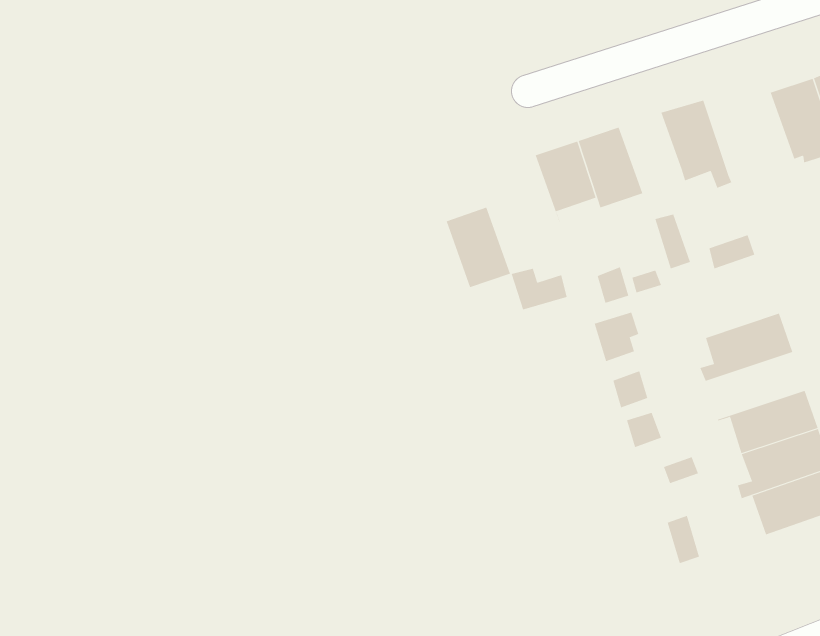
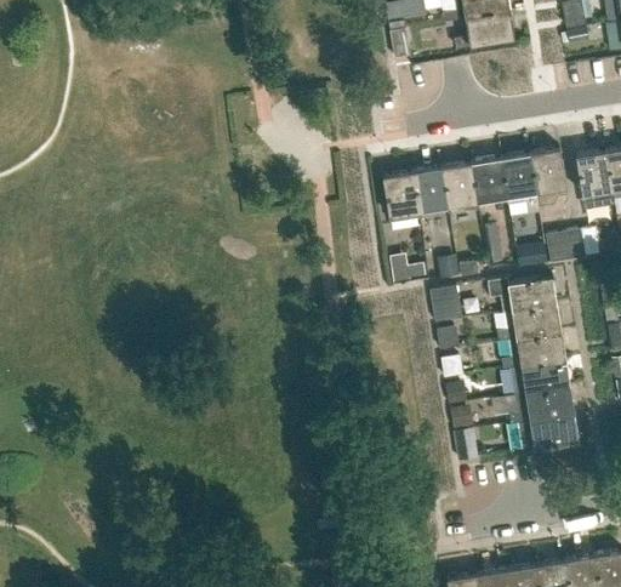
building: none -> [531,149,568,207]
building: none -> [472,158,508,203]
building: none -> [549,230,587,262]
building: [446,207,511,288] -> [383,172,421,224]
building: none -> [490,277,558,313]
building: none -> [501,332,566,369]

